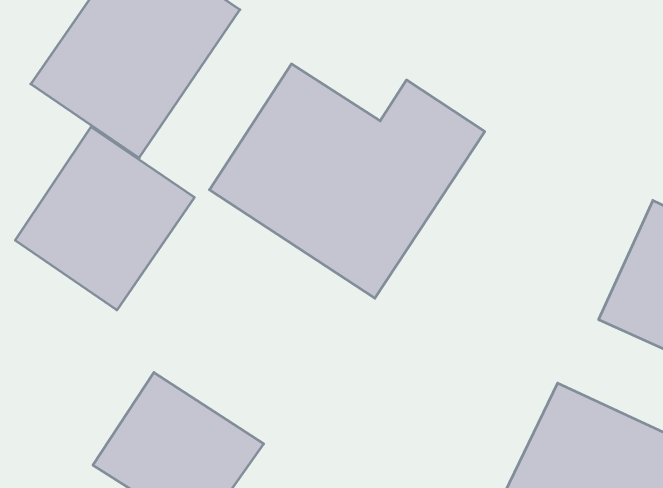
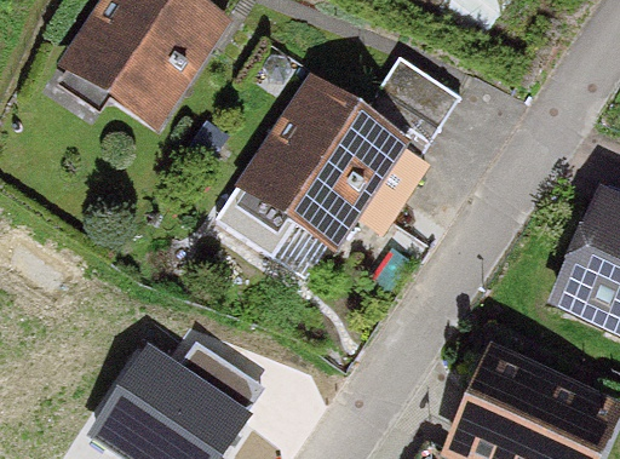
building: [15,127,194,310] -> none

